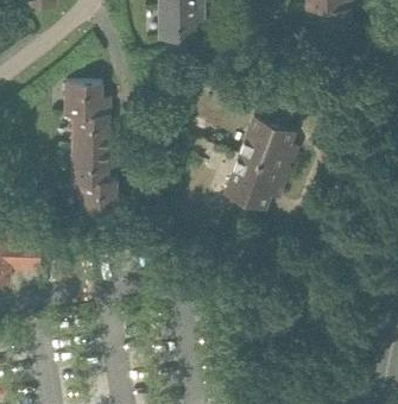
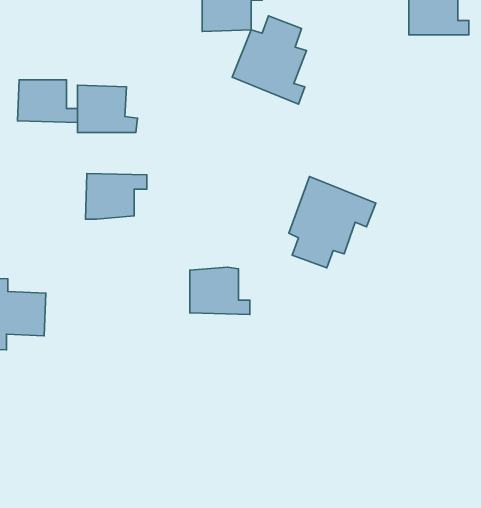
building: [241,102,297,169] -> [232,16,306,104]
building: [74,115,119,147] -> [17,80,77,123]
building: [81,178,126,214] -> [190,267,250,314]

